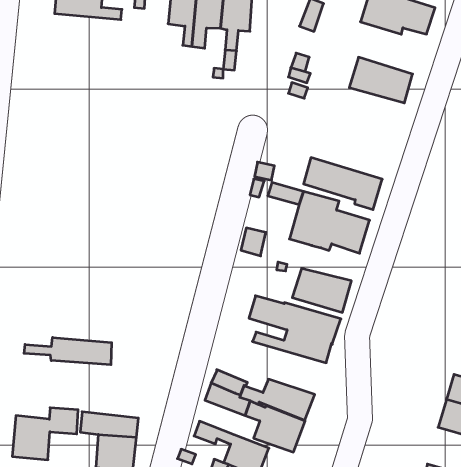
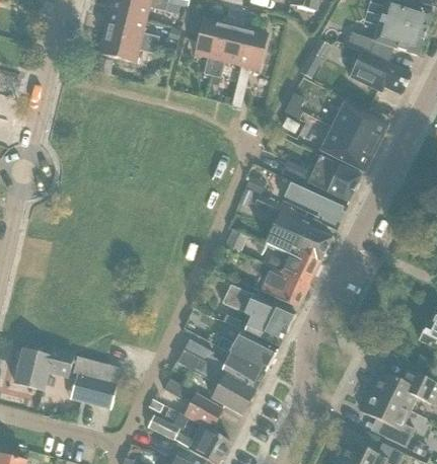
building: none -> [98,31,156,63]
building: none -> [320,128,374,170]
building: none -> [280,155,361,202]
building: none -> [266,251,319,284]
building: [24,337,112,365] -> none
building: none -> [216,330,277,371]

